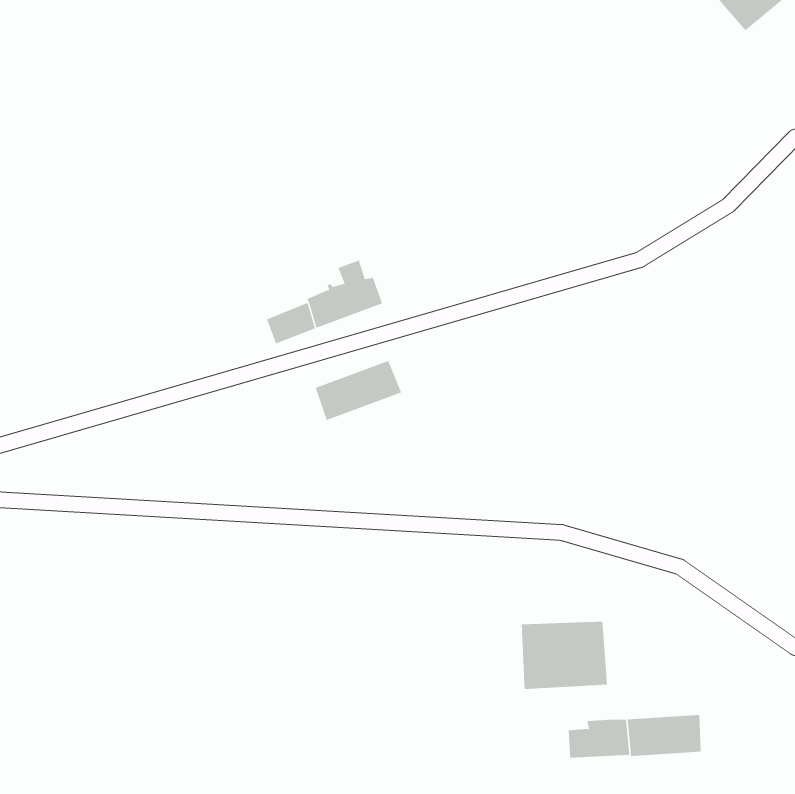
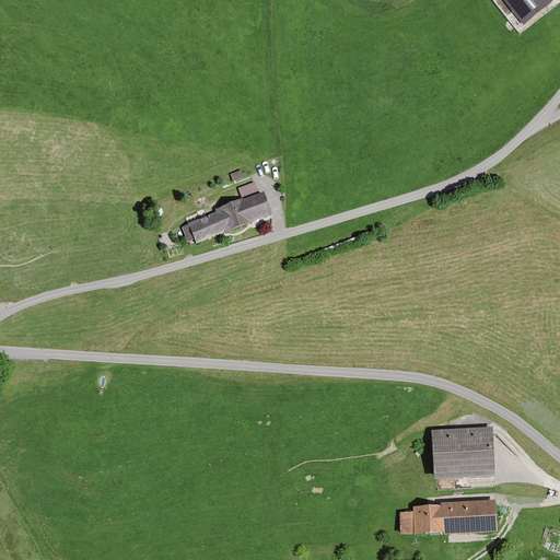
building: [315,360,402,421] -> none
building: [521,621,608,690] -> [433,428,494,476]

